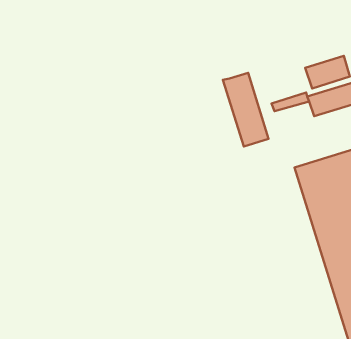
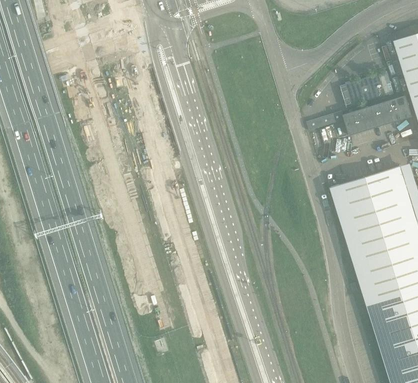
building: [223,73,269,147] -> none

